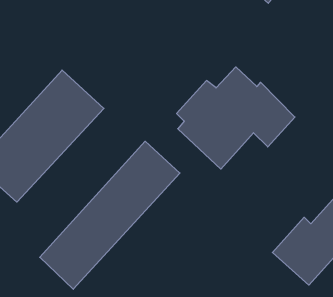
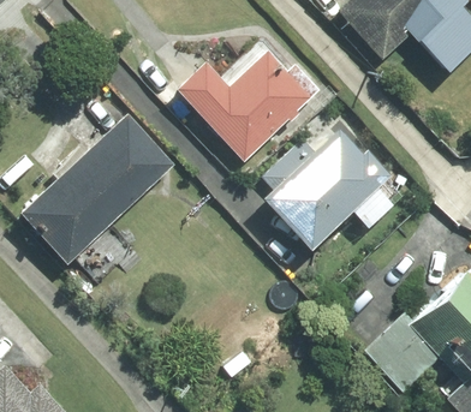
building: none -> [178,52,306,157]
building: [40,141,180,289] -> none

